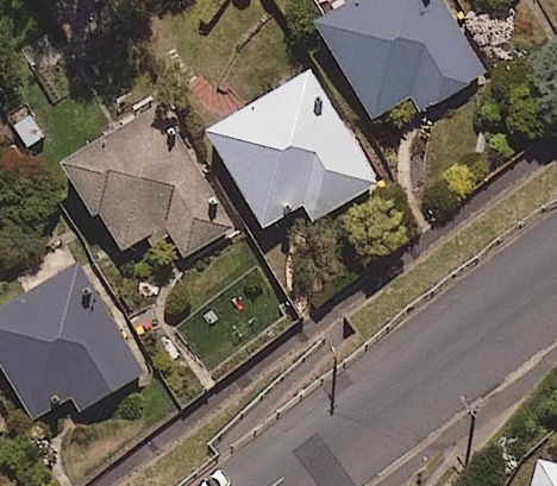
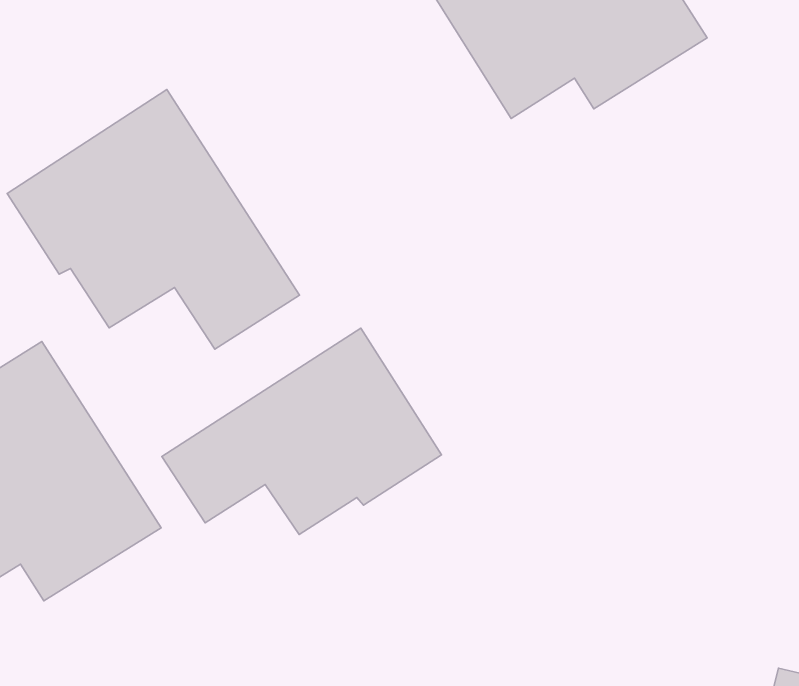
building: [200,64,381,229] -> none
building: none -> [162,328,442,535]

